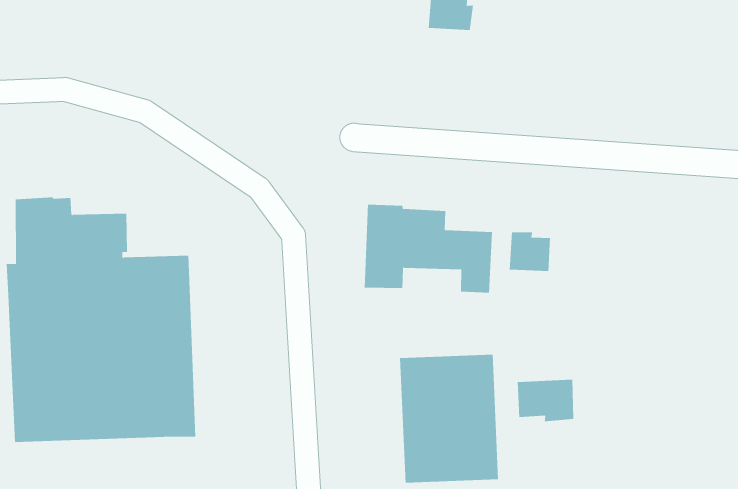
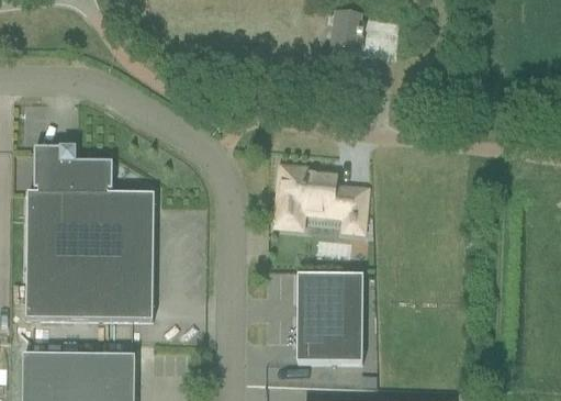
building: [509,231,550,272] -> none
building: [517,379,574,422] -> none

